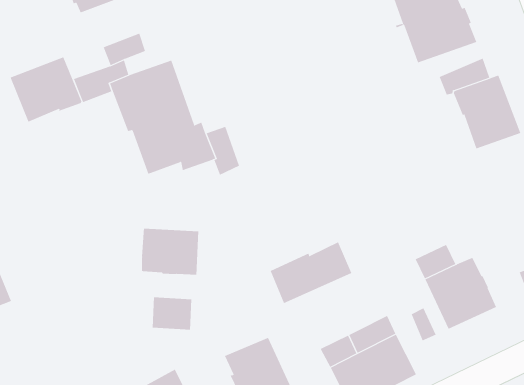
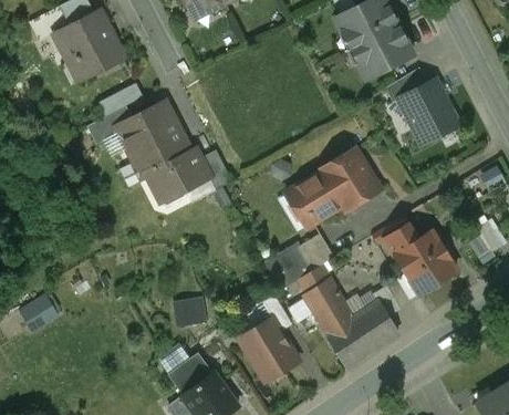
building: [10,57,82,122] -> none
building: none -> [287,151,380,227]
building: [141,228,199,275] -> none
building: none -> [300,280,345,323]

